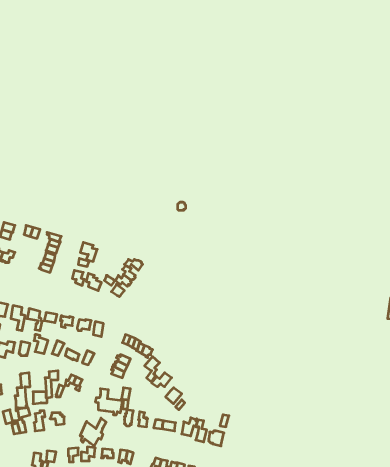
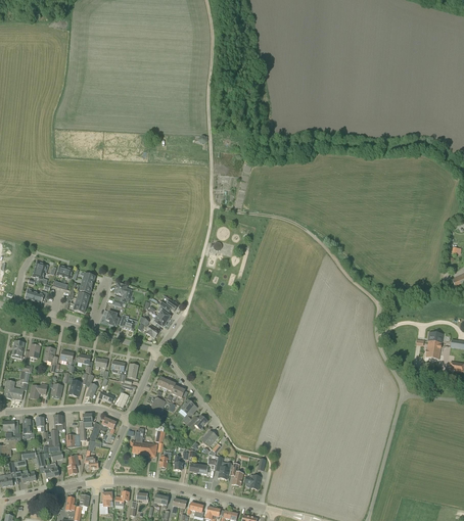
building: [80,418,106,446] -> none

